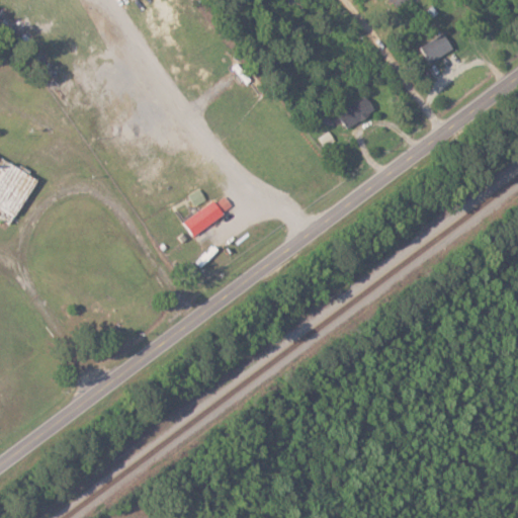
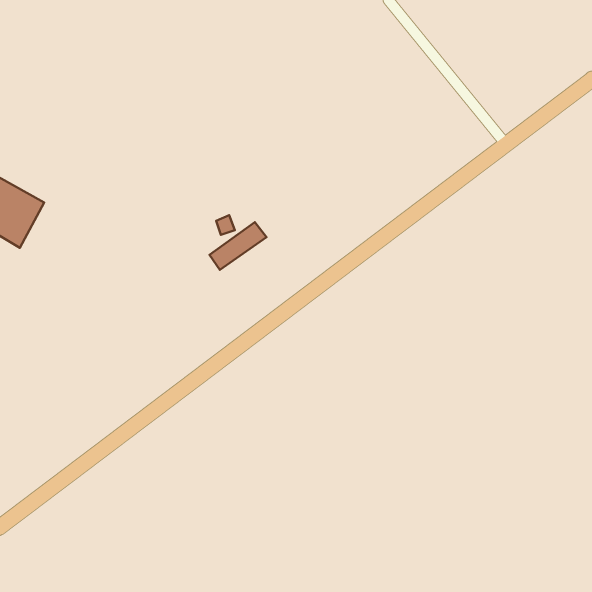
building: [419,32,453,64] -> none
building: [337,95,374,132] -> none

